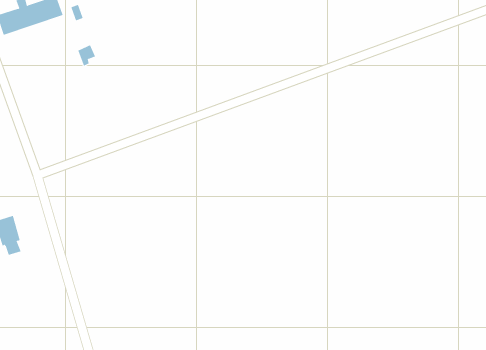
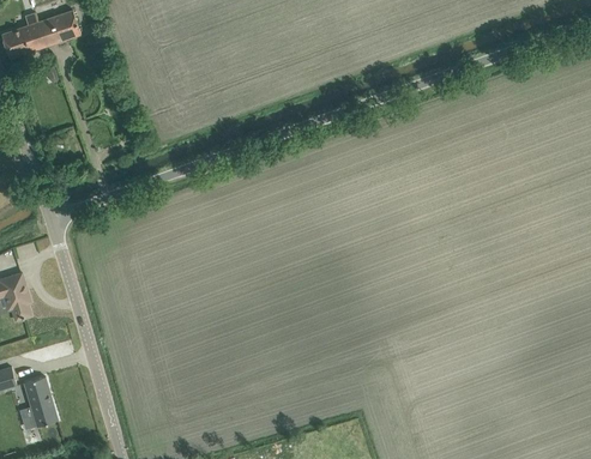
building: none -> [23,376,56,425]

